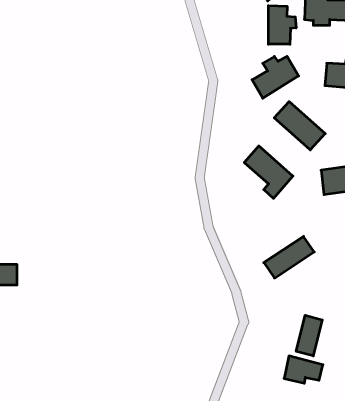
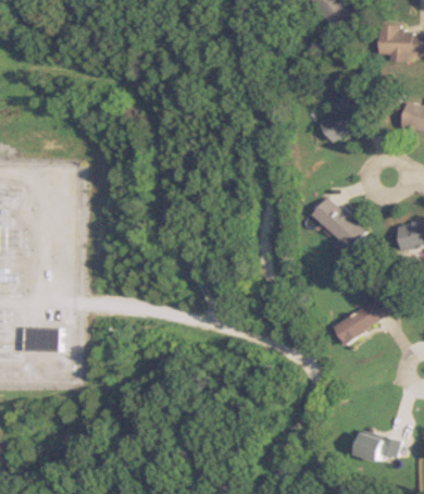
building: [268,6,296,44] -> none
building: [274,102,325,150] -> none
building: [296,315,322,356] -> none

